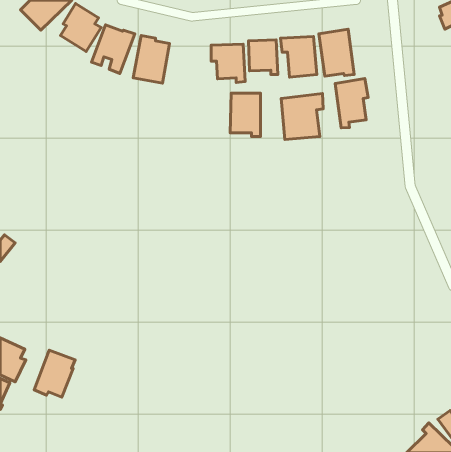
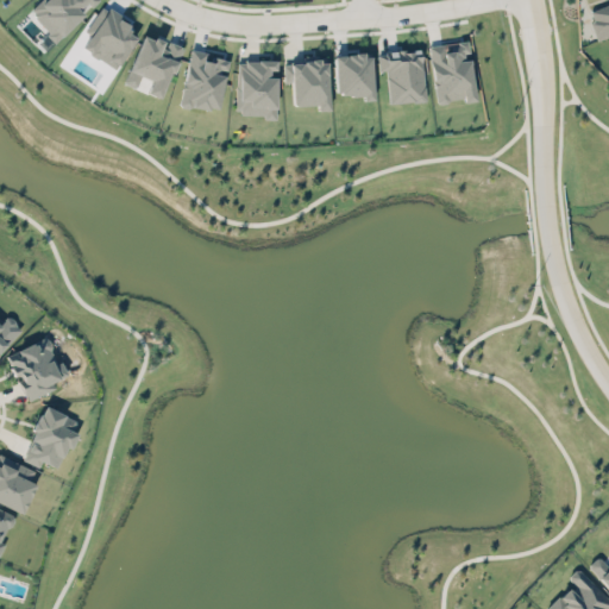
building: [335,79,368,128] -> none
building: [230,93,260,136] -> [239,61,280,119]
building: [281,93,323,139] -> none
building: none -> [8,338,70,401]
building: [34,350,75,397] -> [25,407,80,470]

